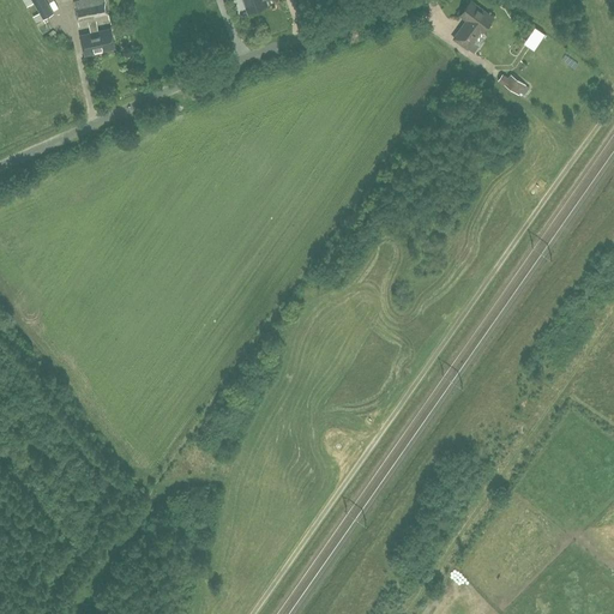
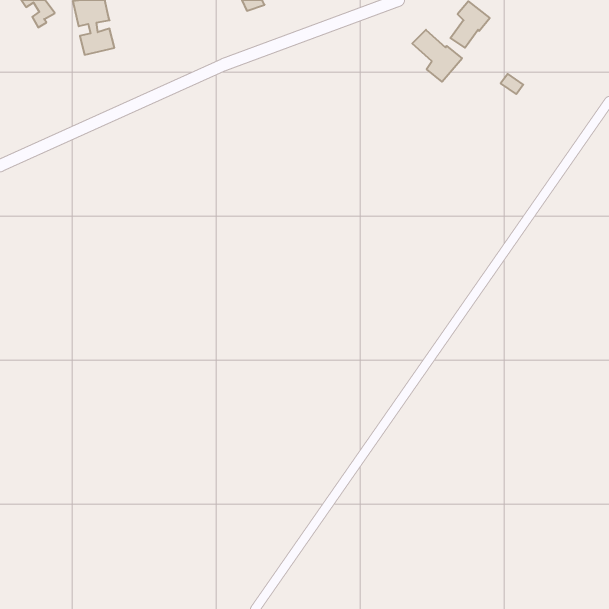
building: none -> [412,30,462,82]

